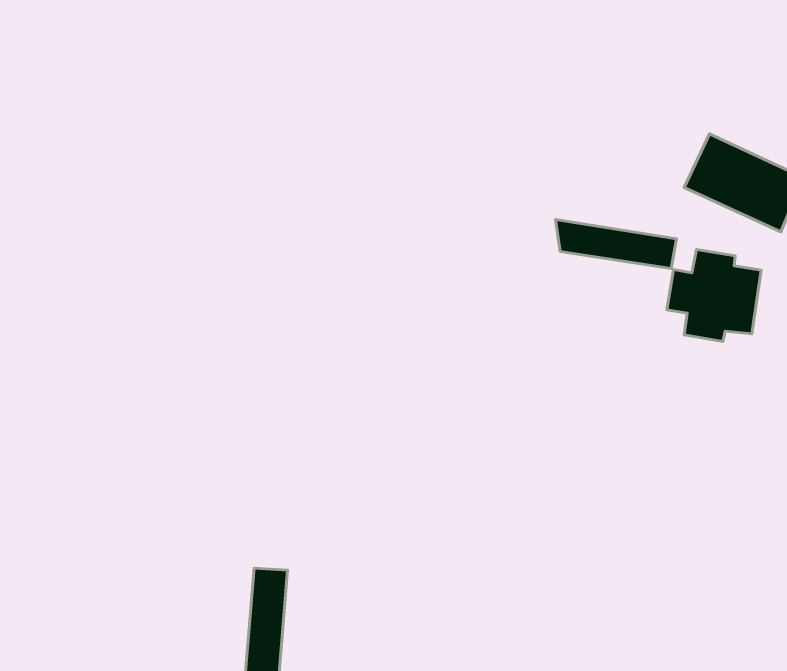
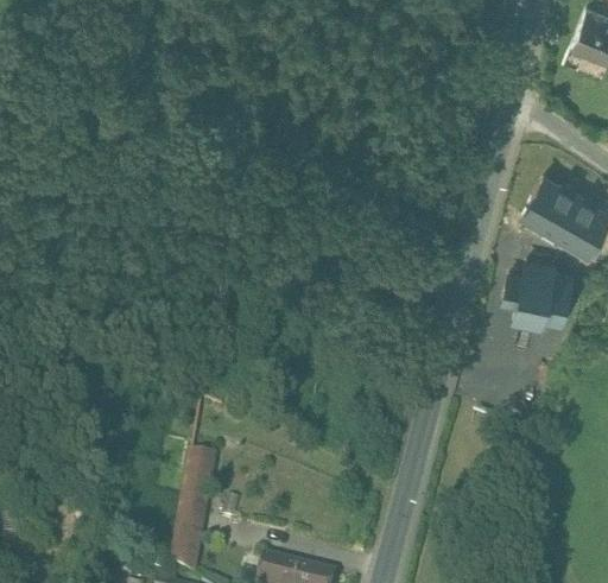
building: [555,220,677,268] -> none

